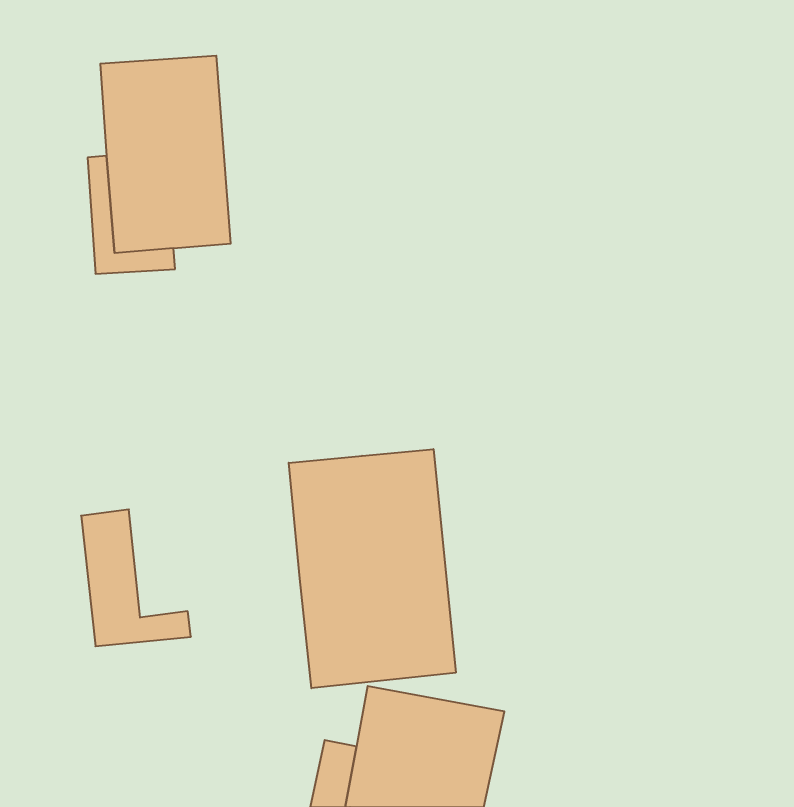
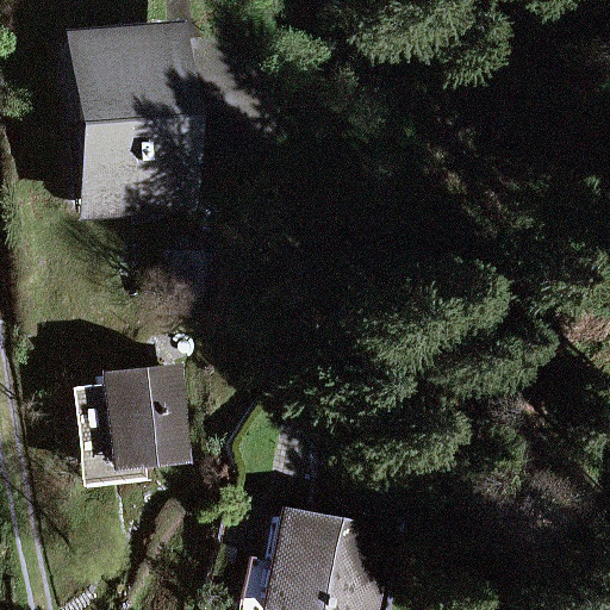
building: [289,449,456,688] -> none
building: none -> [110,367,189,462]

